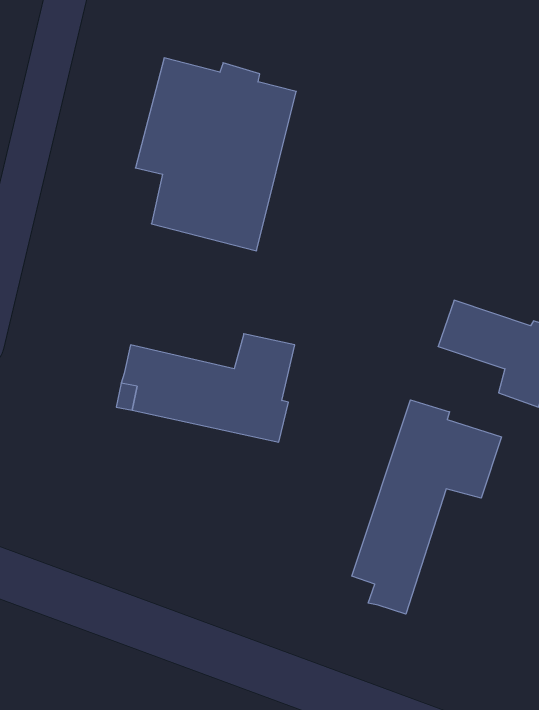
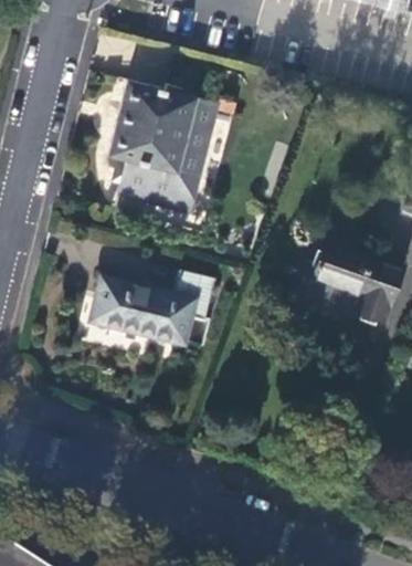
building: [352,400,501,614] -> none

